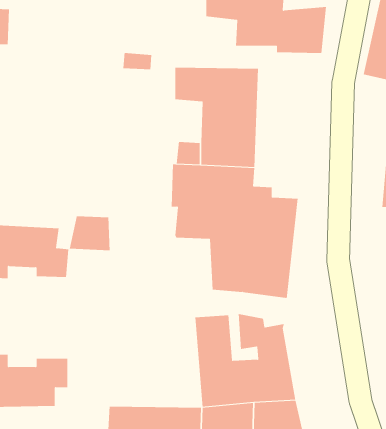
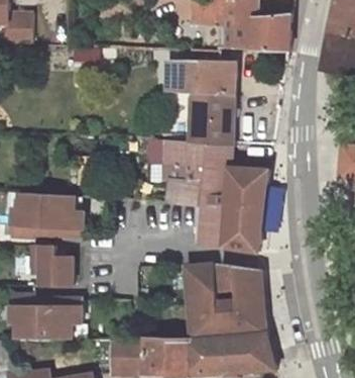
building: [69,216,110,251] -> none
building: none -> [31,246,71,285]

